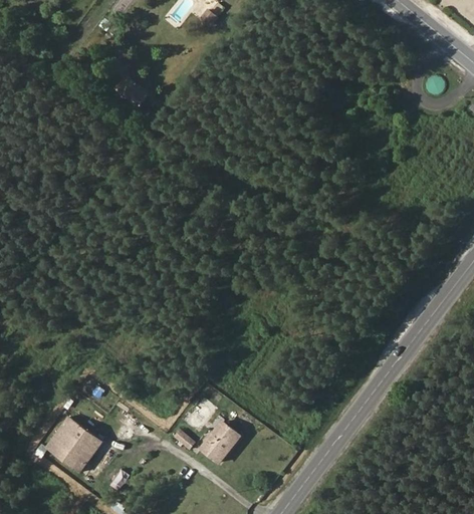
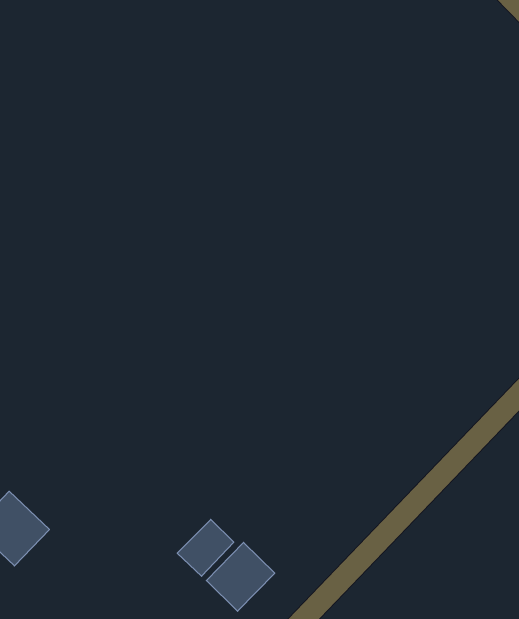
building: none -> [206,542,275,611]

